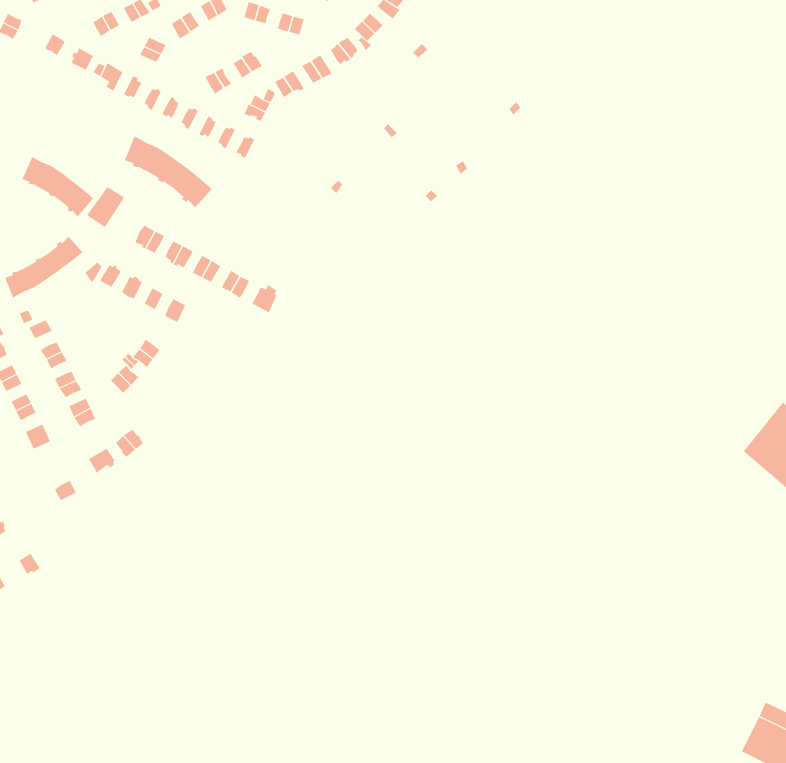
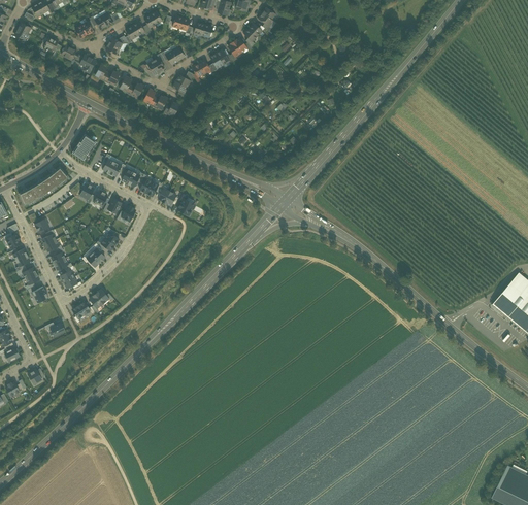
building: [124,135,213,208] -> none
building: [22,156,94,217] -> none

